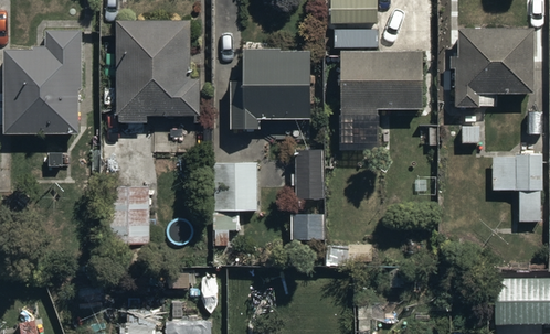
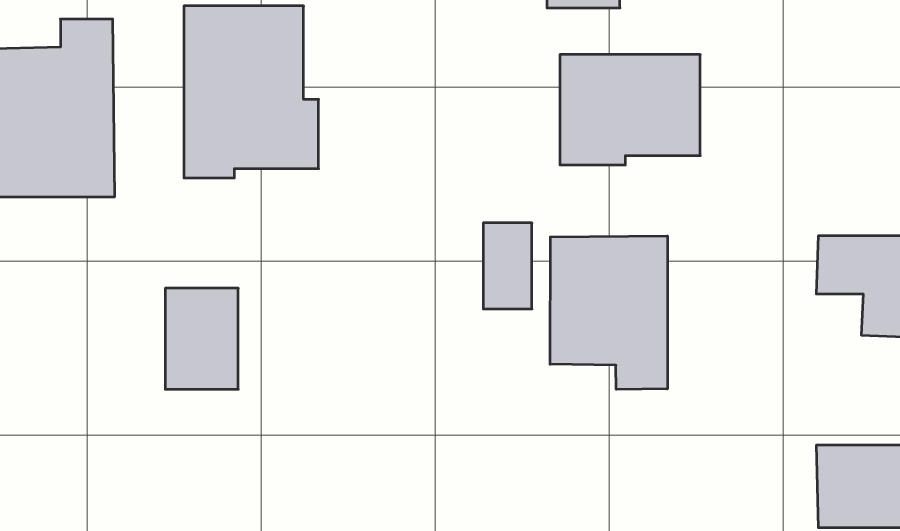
building: [451,25,532,105] -> none
building: [231,46,310,128] -> none
building: none -> [550,236,667,389]
building: [213,163,258,214] -> none

